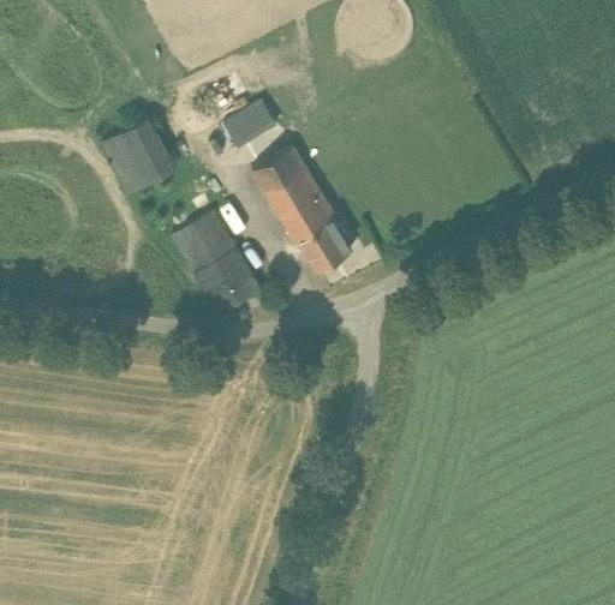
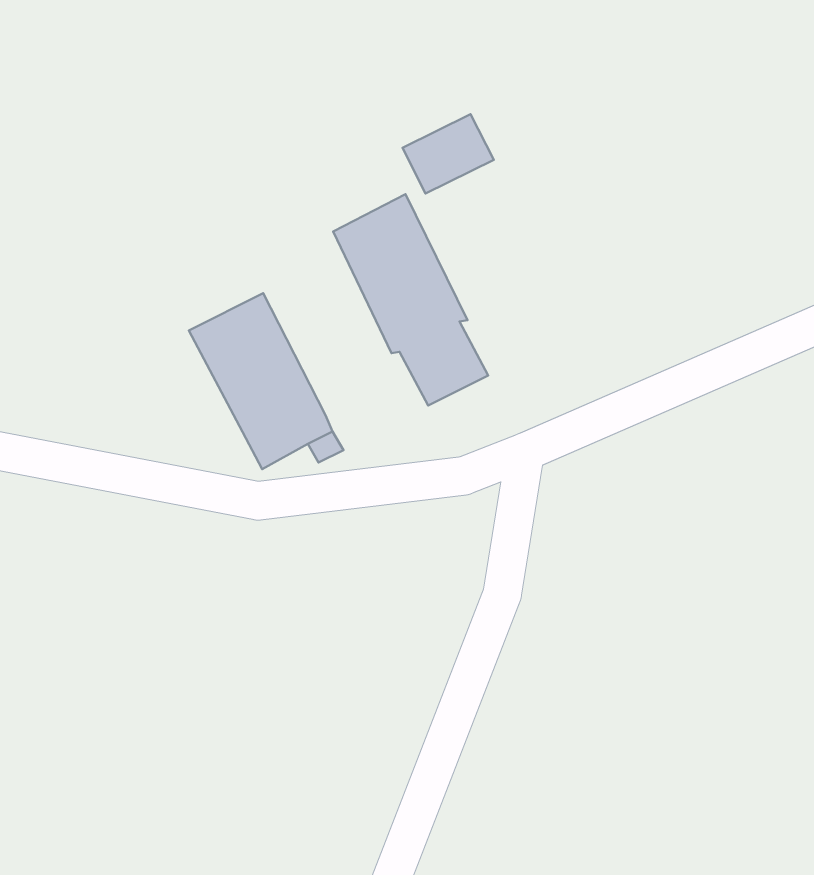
building: [221,98,276,148] -> [403,114,494,193]
building: [101,119,174,196] -> none

